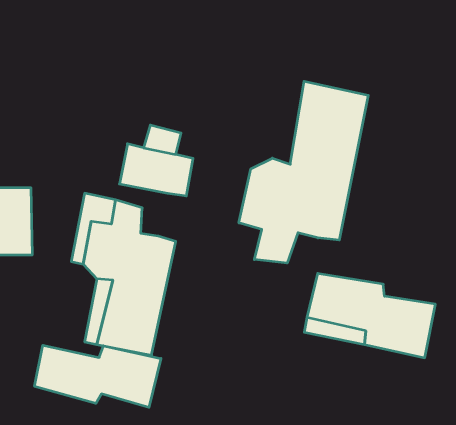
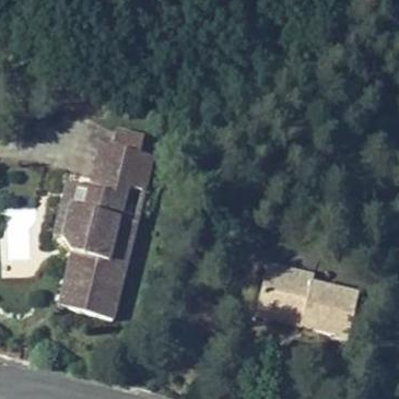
building: [239,81,368,263] -> none
building: none -> [95,188,138,231]
building: [35,345,161,407] -> none

